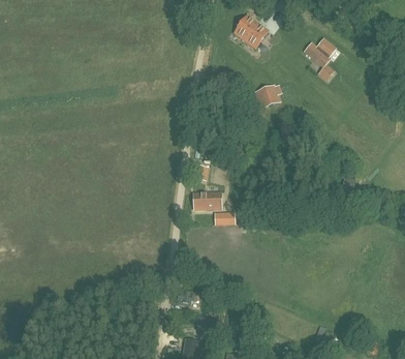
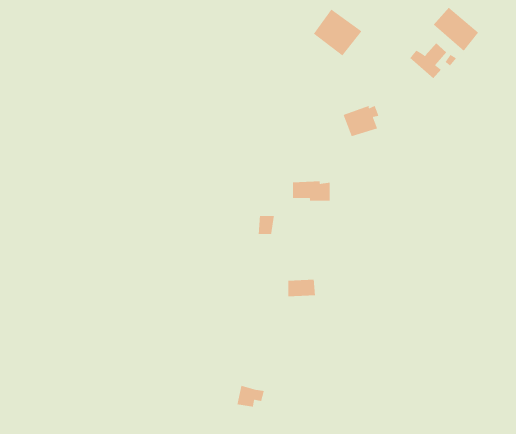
building: none -> [433,7,479,52]
building: [193,192,221,208] -> [292,180,330,202]

